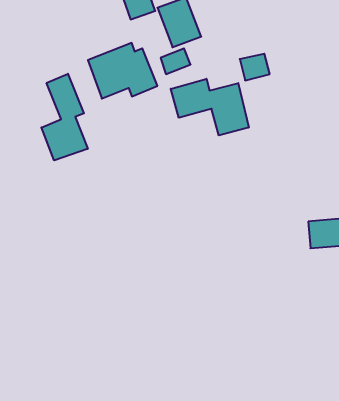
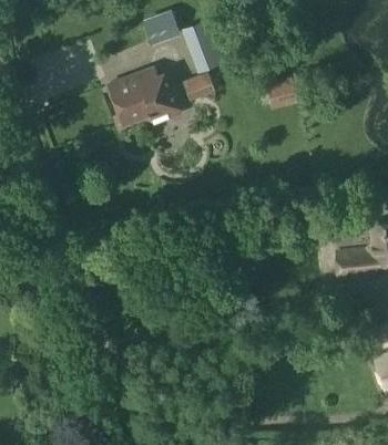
building: [41,74,88,160] -> none
building: [171,79,249,135] -> none

